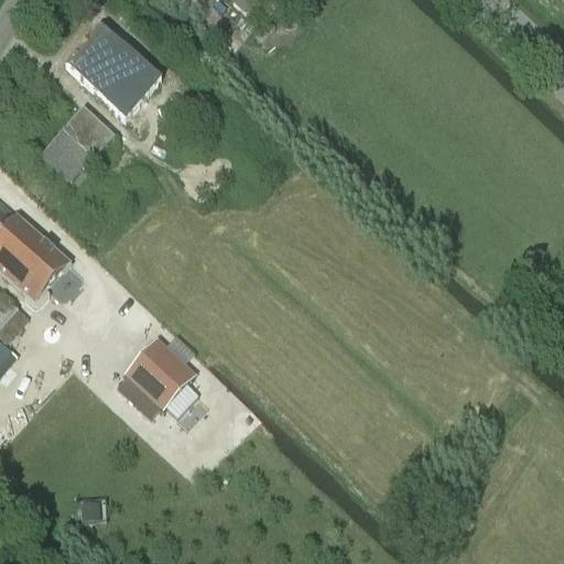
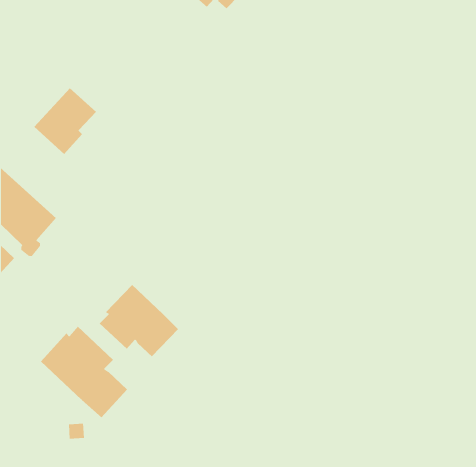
building: [65,22,161,117] -> none
building: none -> [40,326,128,418]

